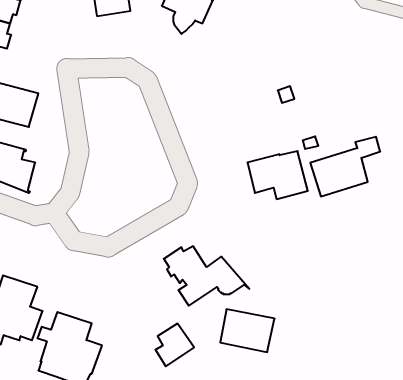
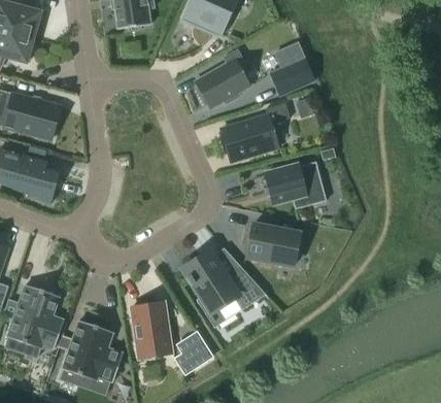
building: none -> [271,42,315,95]
building: none -> [195,49,247,107]
building: [310,137,380,196] -> [220,102,290,161]
building: none -> [131,301,171,357]
building: [220,309,275,352] -> [246,223,300,265]

